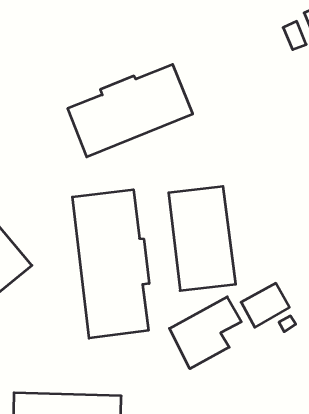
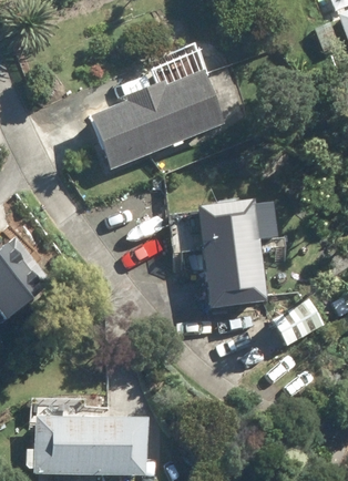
building: [72,190,149,338] -> none
building: [169,297,241,369] -> none

